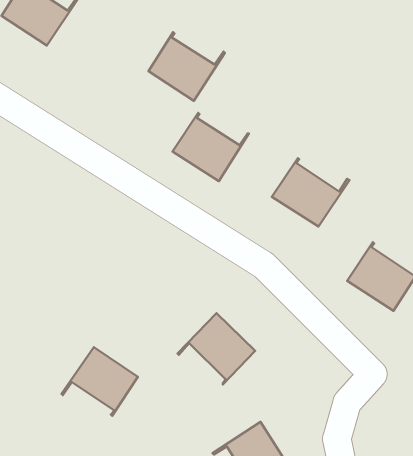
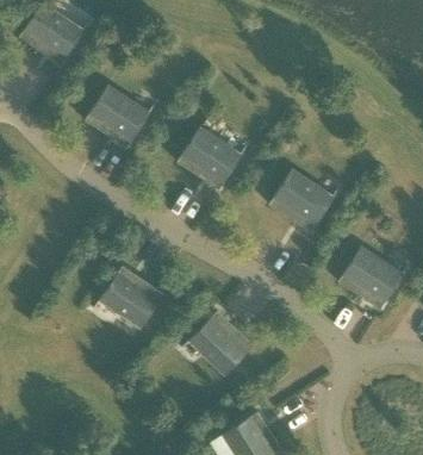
building: [149,32,225,101] -> [86,85,156,148]
building: [62,347,138,416] -> [94,266,164,329]

